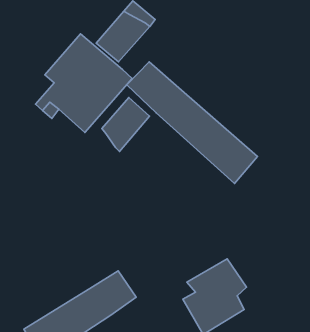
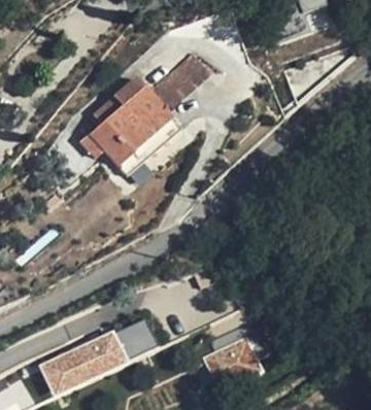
building: [127,62,258,183] -> none
building: [102,97,150,151] -> none

